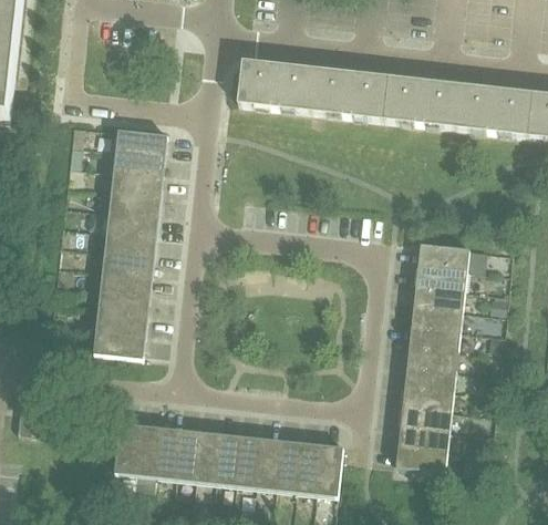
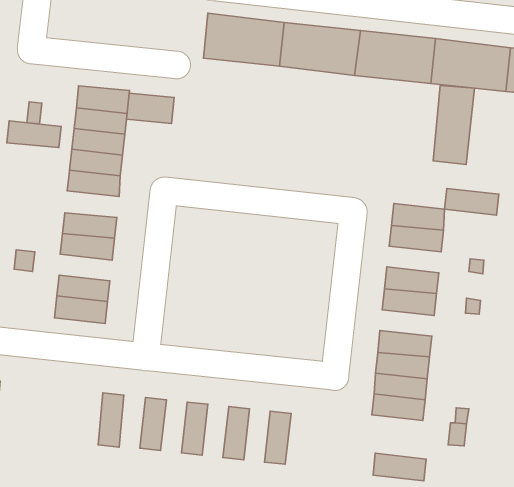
building: none -> [433,86,474,165]
building: none -> [127,93,174,124]
building: [104,229,156,255] -> [7,121,61,147]
building: [413,282,465,308] -> [445,189,499,215]
building: [99,290,149,316] -> none
building: [406,343,458,369] -> none
building: [115,421,141,473] -> none
building: [156,425,182,476] -> none
building: [196,430,221,481] -> none
building: [236,434,261,485] -> none
building: [276,439,301,490] -> none
building: [316,443,342,494] -> none
building: [396,444,447,471] -> [373,453,426,481]

